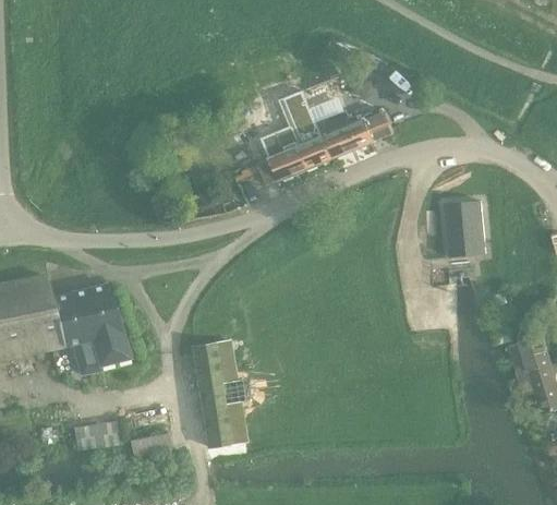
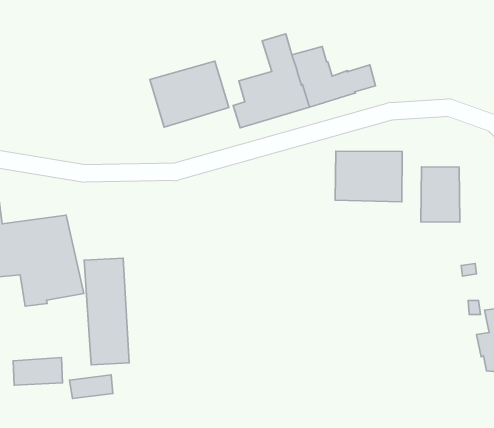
building: none -> [150,61,229,127]
building: none -> [335,151,402,202]
building: [192,340,244,445] -> [84,258,129,365]

